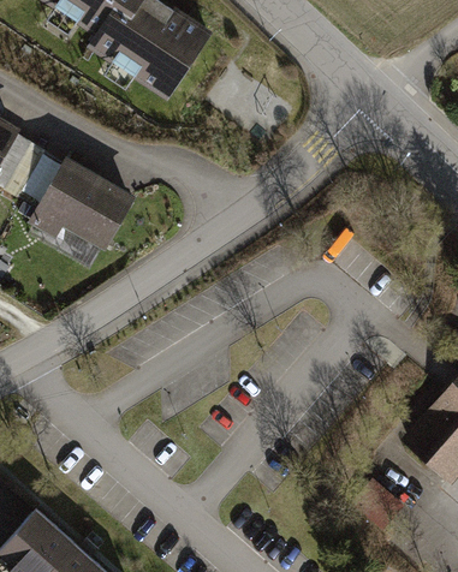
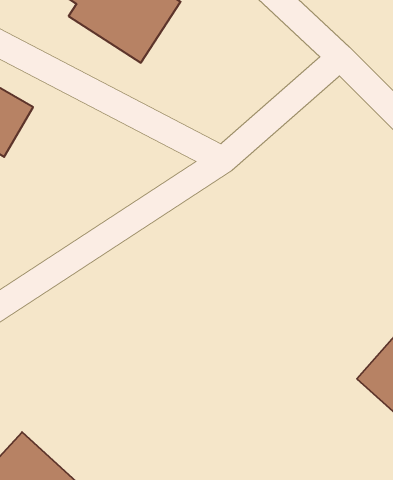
building: [31,161,138,256] -> none

